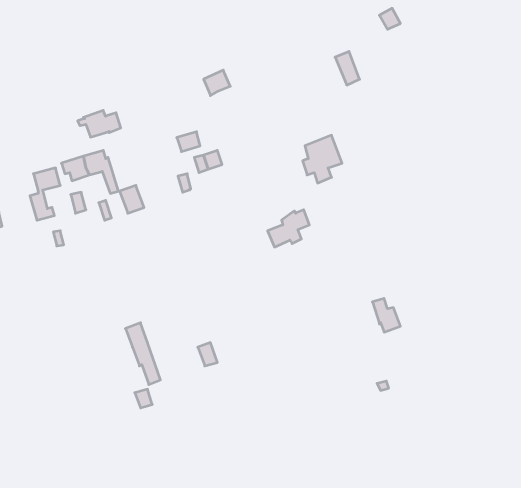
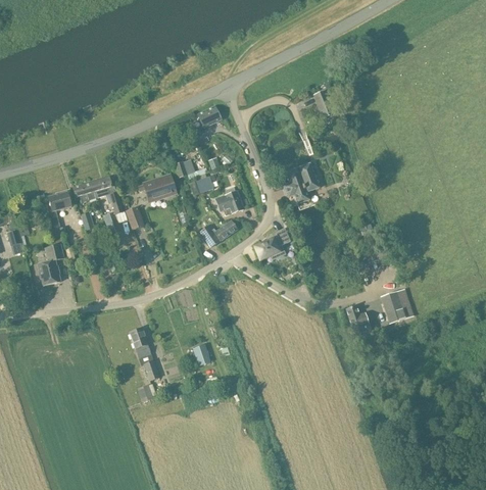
building: [78,110,121,137] -> [139,177,177,200]
building: none -> [215,187,244,215]
building: none -> [200,220,238,247]
building: none -> [39,243,65,285]
building: none -> [382,292,405,323]

